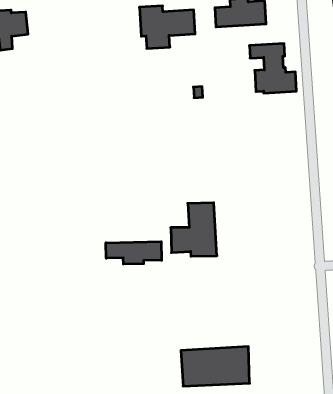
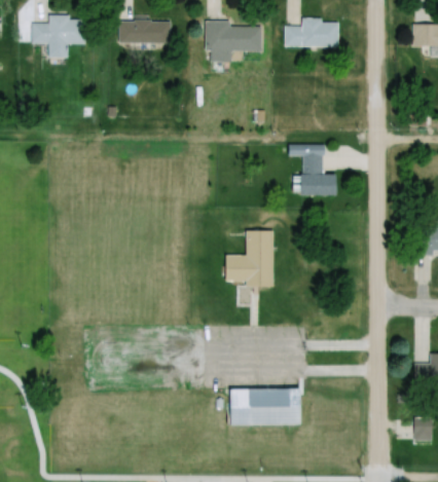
building: none -> [121,15,172,41]
building: [249,44,296,93] -> [289,144,336,195]
building: [106,242,162,264] -> none

